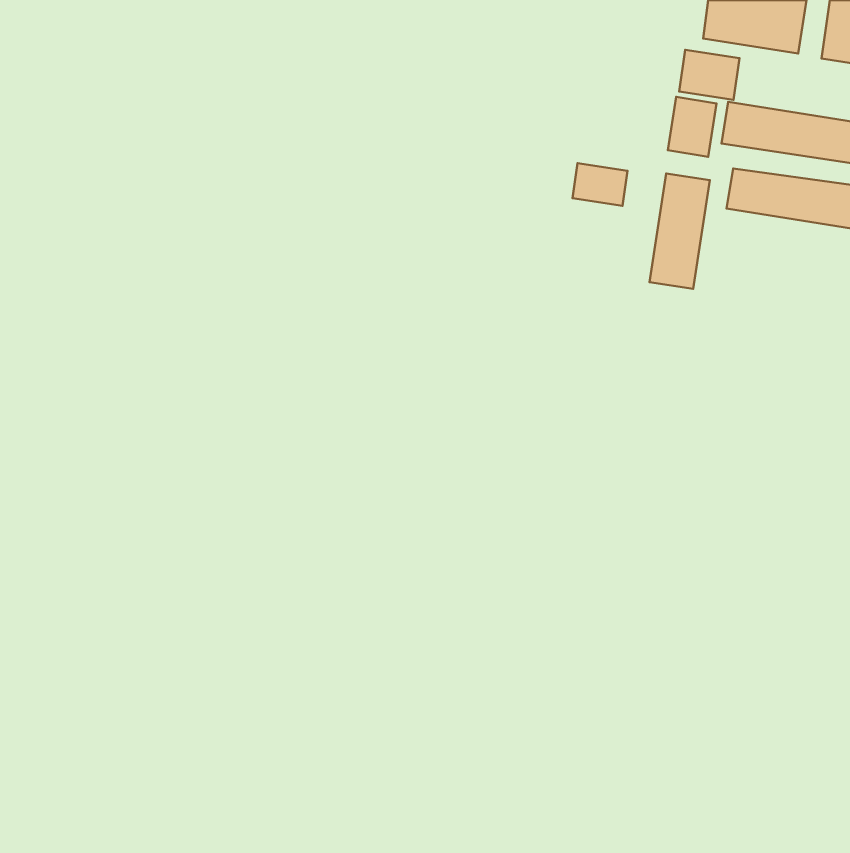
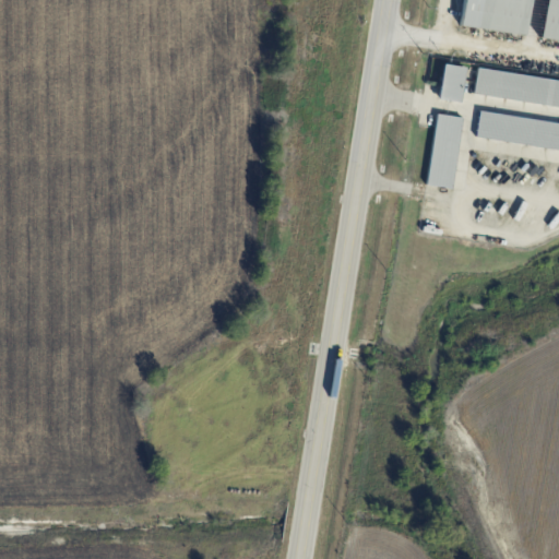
building: [679,50,739,100] -> none
building: [572,163,628,206] -> none

